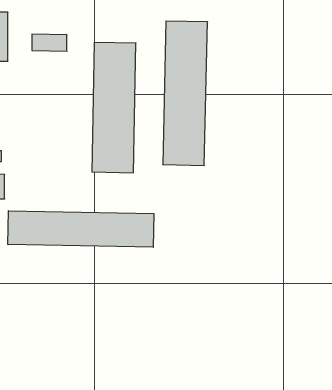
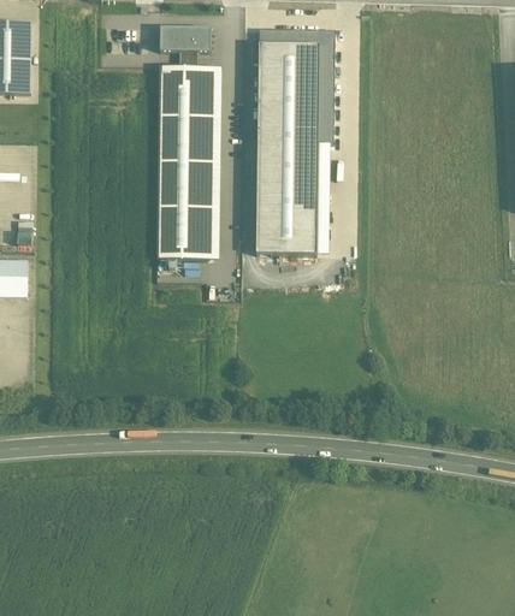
building: [32,34,67,51] -> [159,26,211,52]
building: [8,211,154,247] -> none

